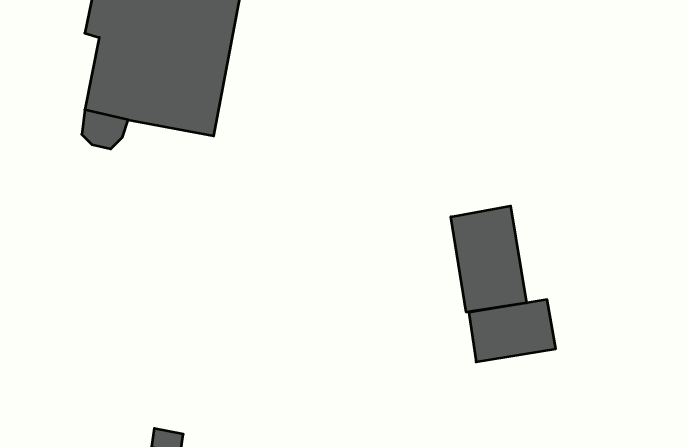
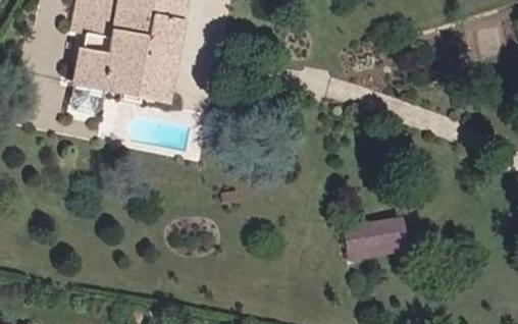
building: [451,206,526,312] -> none

